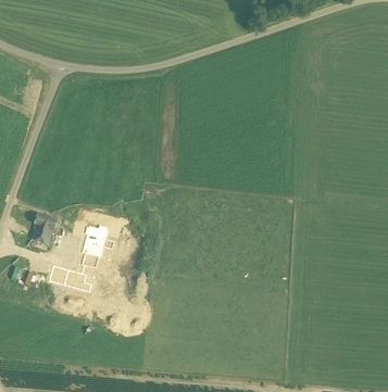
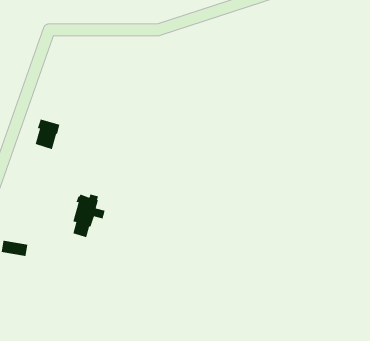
building: [32,213,57,243] -> [35,119,60,150]

